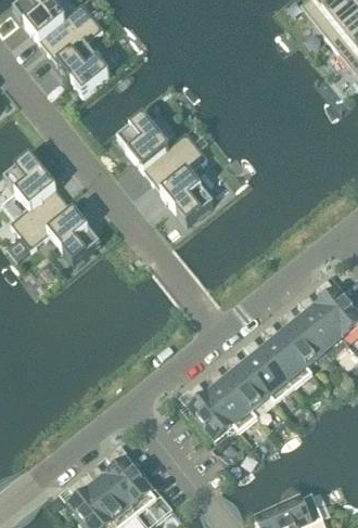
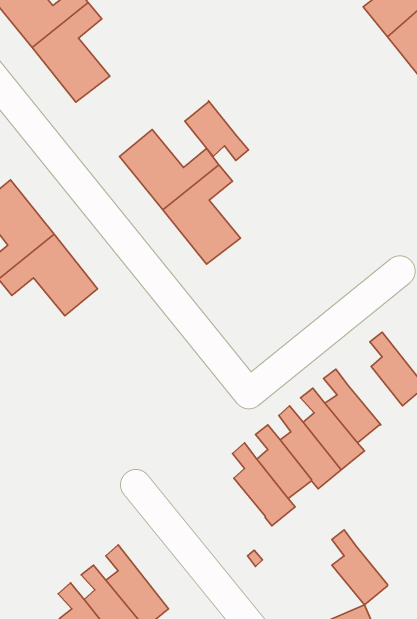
building: none -> [185,101,249,160]
building: [298,289,348,355] -> none
building: [189,377,233,437] -> [332,530,388,605]

